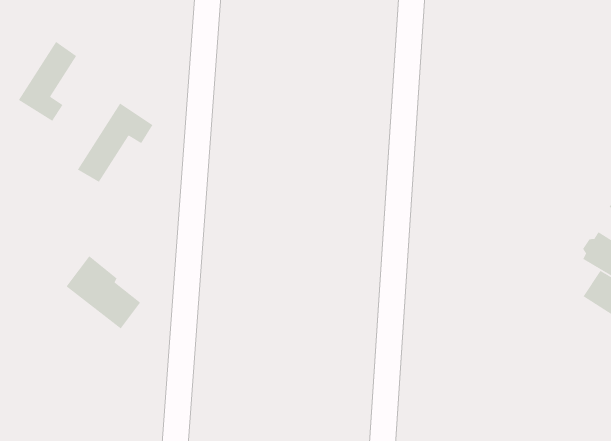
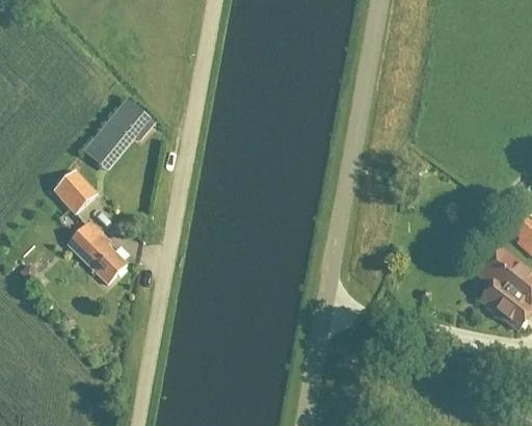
building: [18,41,77,122] -> none
building: none -> [52,168,97,213]

